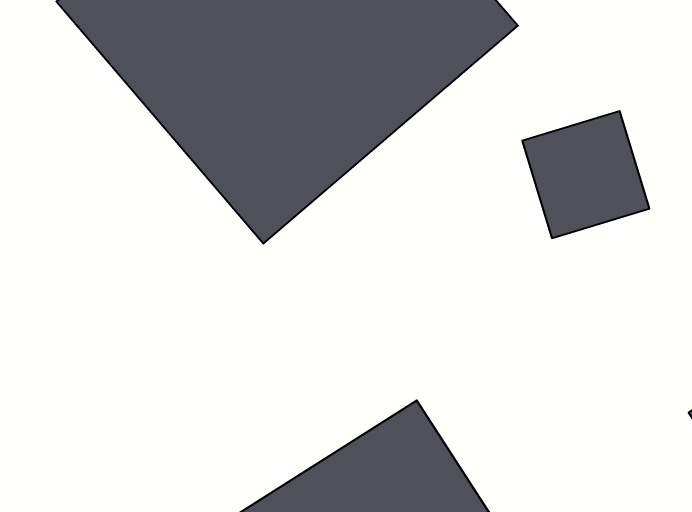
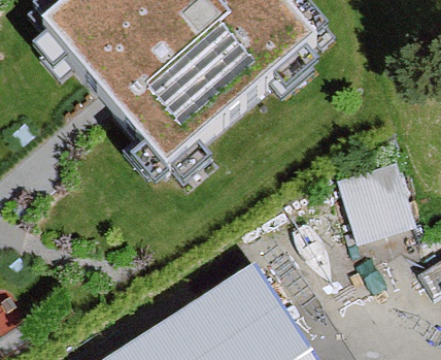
building: [522,111,649,238] -> [338,162,413,237]

